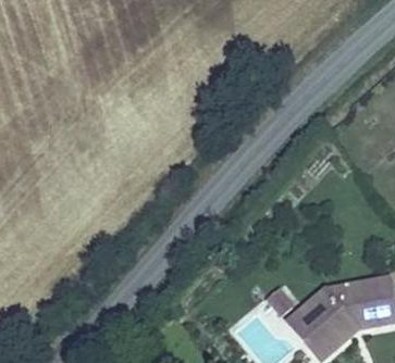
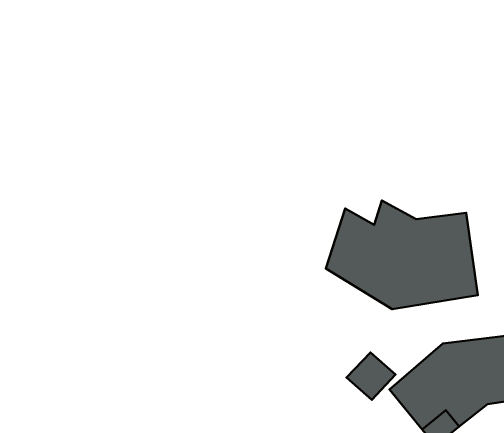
building: none -> [326,200,478,309]

